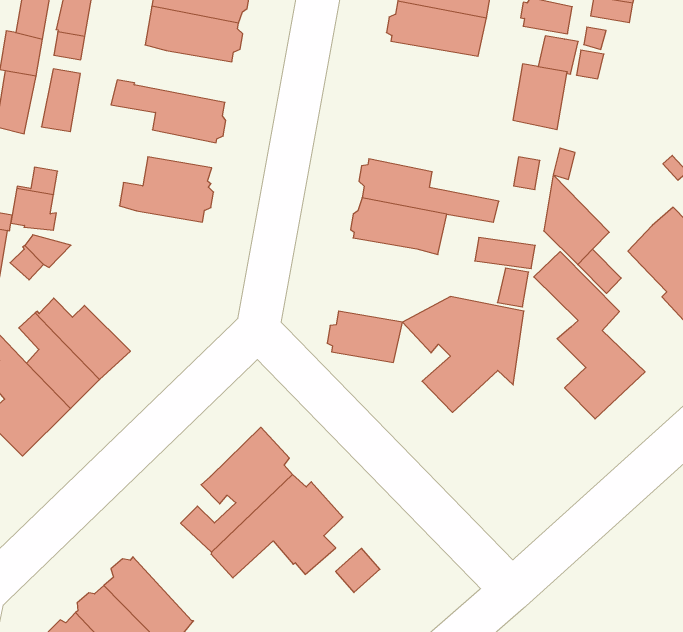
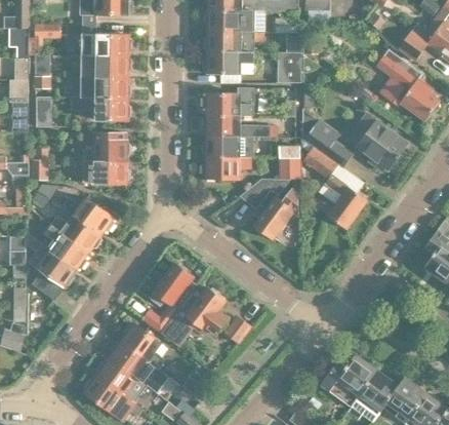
building: none -> [204,52,253,75]
building: none -> [79,76,130,99]
building: none -> [203,93,252,116]
building: none -> [82,161,129,184]
building: none -> [62,197,113,235]
building: [327,311,402,362] -> [202,157,239,179]
building: none -> [120,323,163,369]

